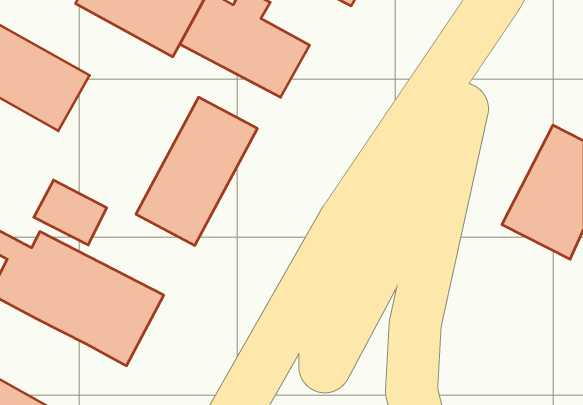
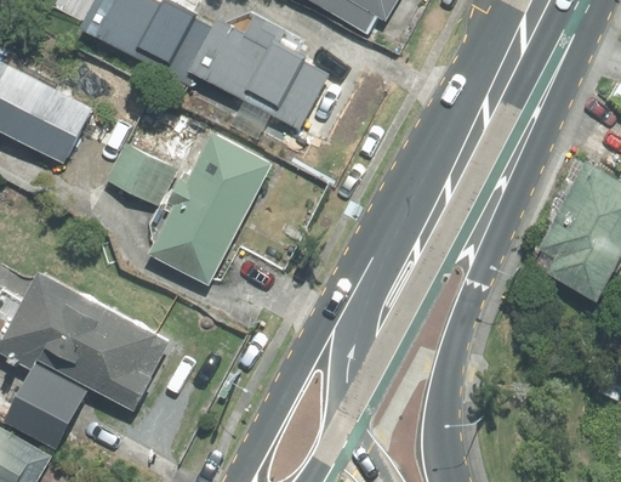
building: [34,180,107,245] -> [103,137,180,205]
building: none -> [13,362,91,440]

